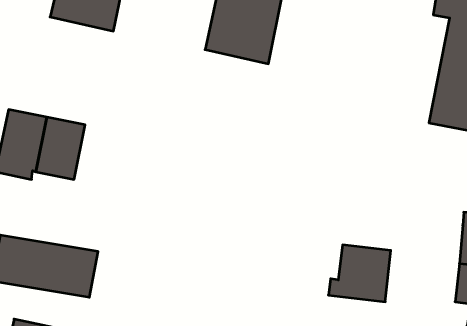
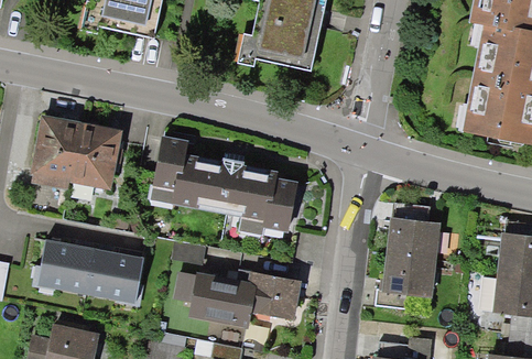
building: none -> [151,133,298,226]
building: none -> [386,200,438,259]
building: none -> [192,273,302,323]

